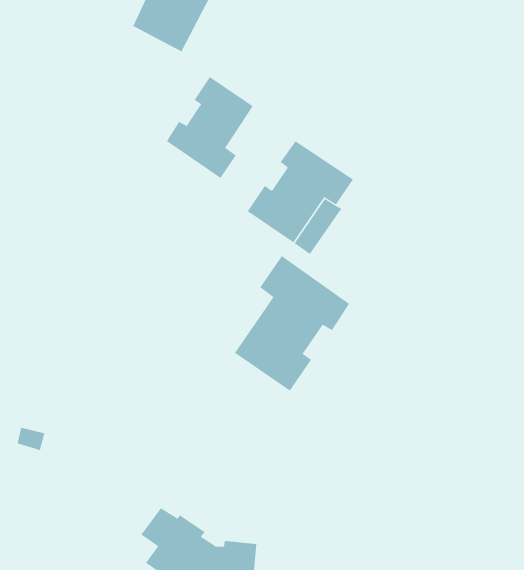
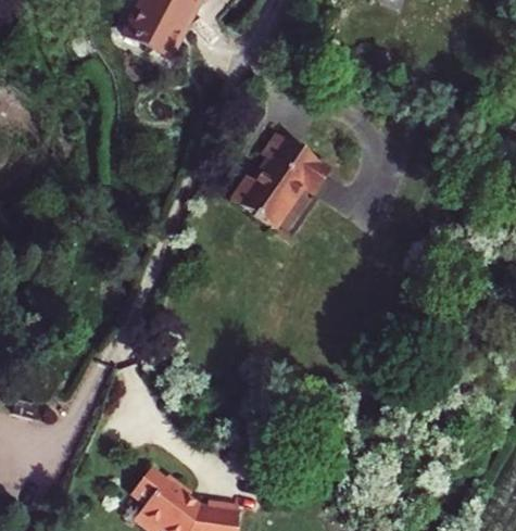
building: [166,76,254,179] -> none
building: [234,255,350,392] -> none

